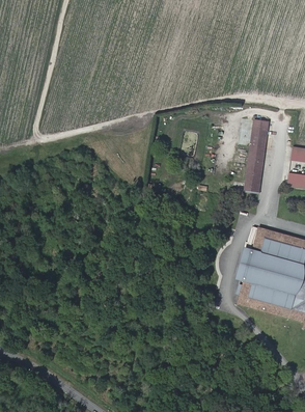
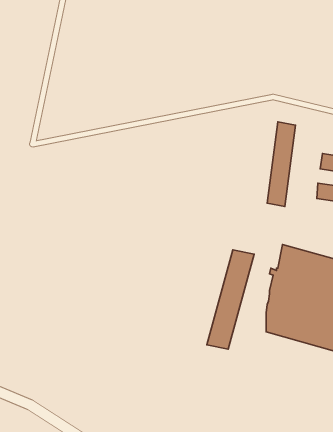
building: none -> [207,250,254,349]

